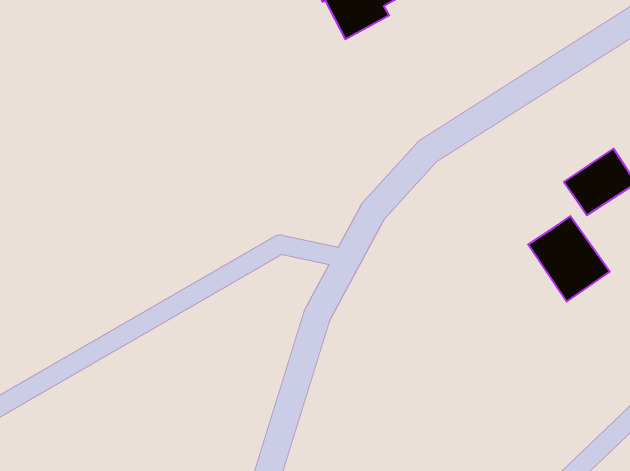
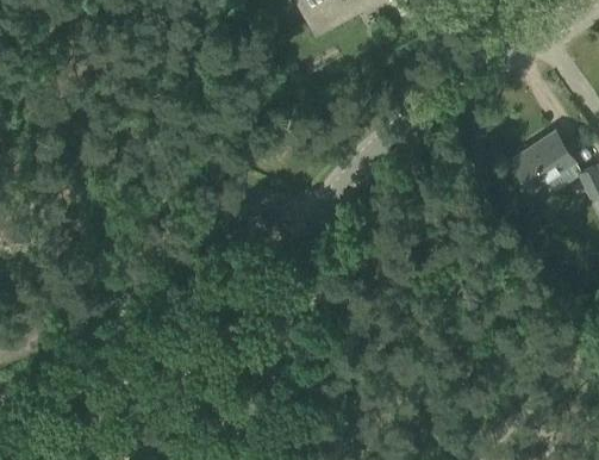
building: [528,216,610,302] -> none

